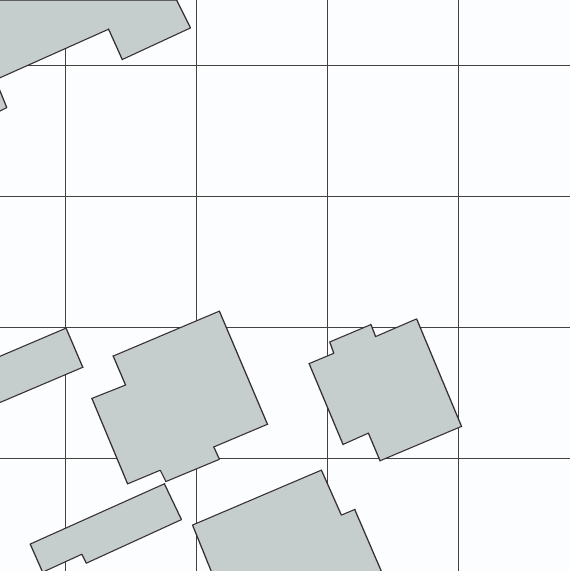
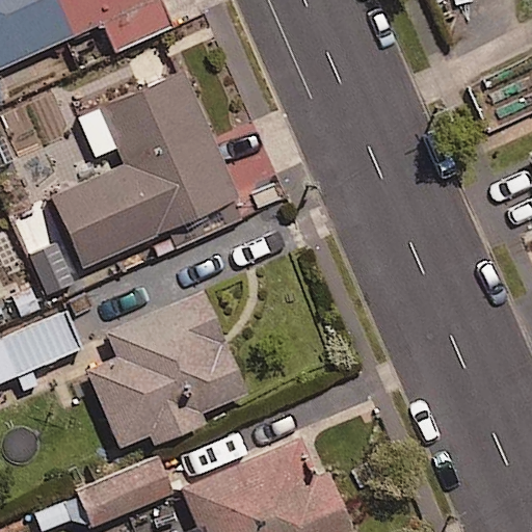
building: none -> [51,71,241,269]
building: [309,319,461,461] -> none

